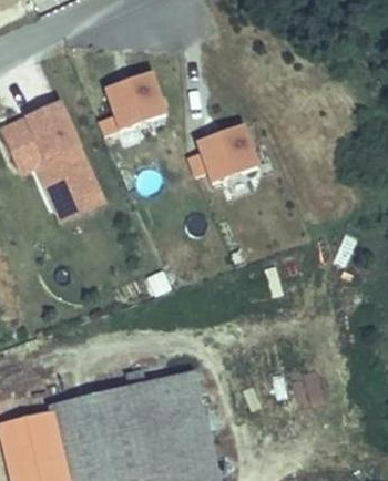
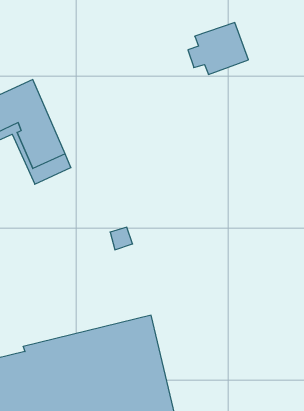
building: [100,72,165,135] -> none
building: [188,124,257,183] -> [188,23,248,74]

